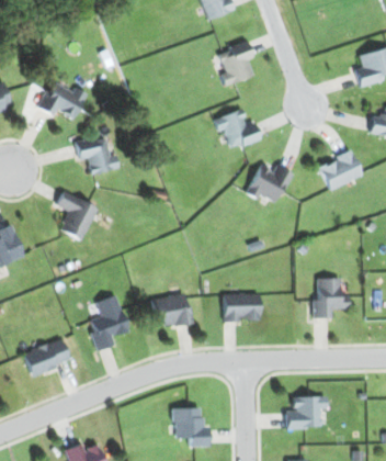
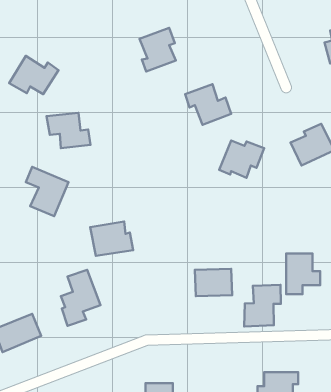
building: [218,42,254,86] -> [140,28,176,72]
building: [151,293,194,327] -> [90,222,133,256]
building: none -> [244,285,281,326]

